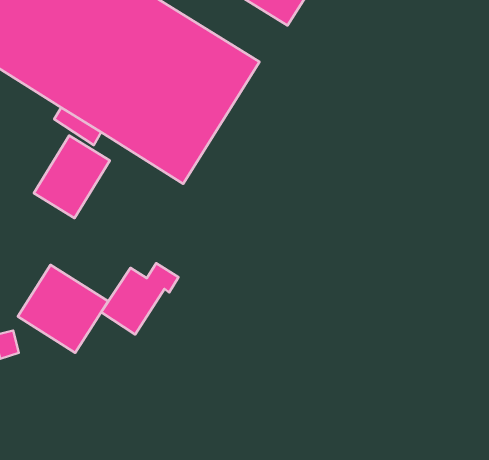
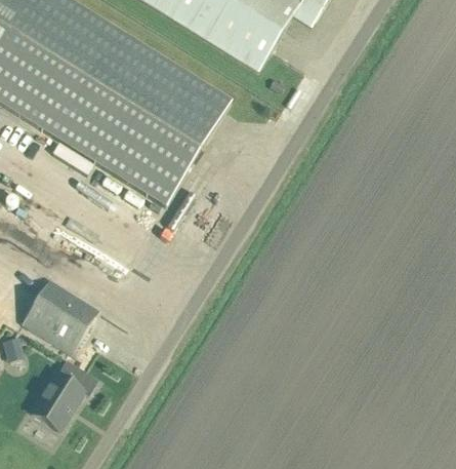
building: [34,136,110,218] -> none
building: [101,263,178,335] -> [28,366,95,429]

